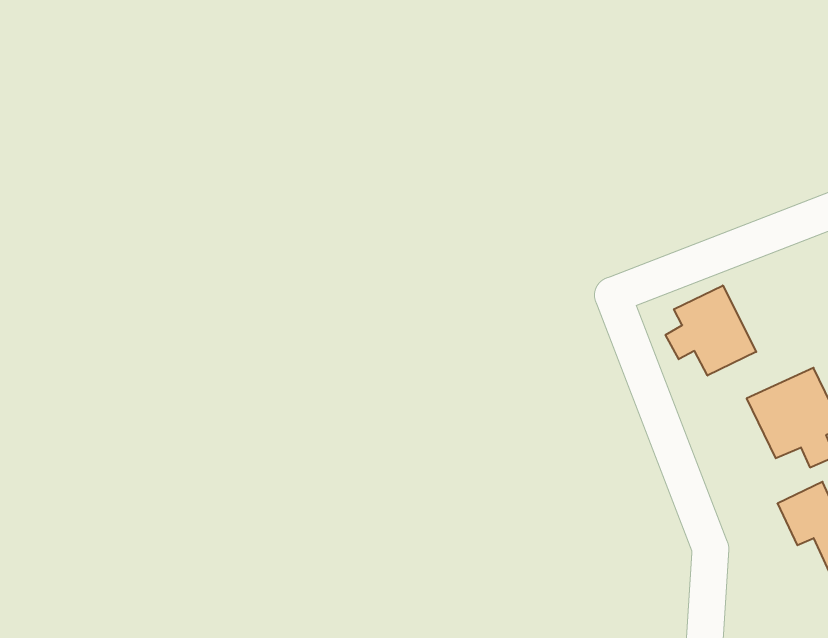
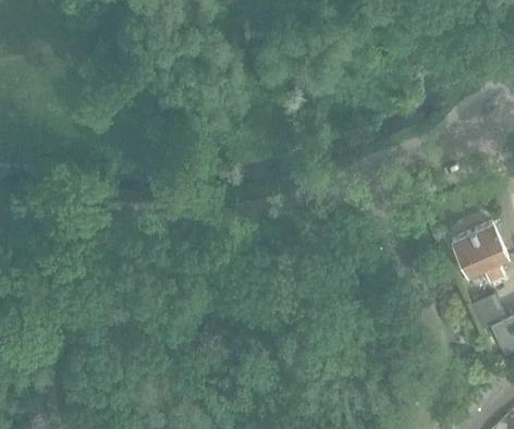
building: [666,285,756,376] -> none

